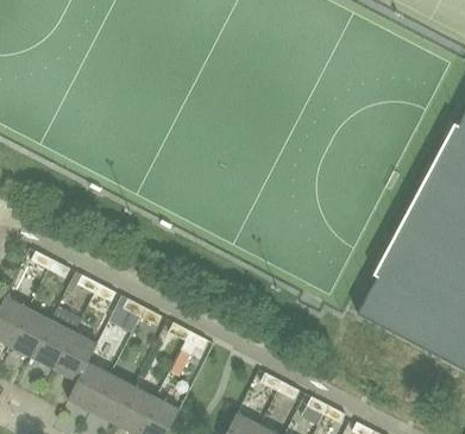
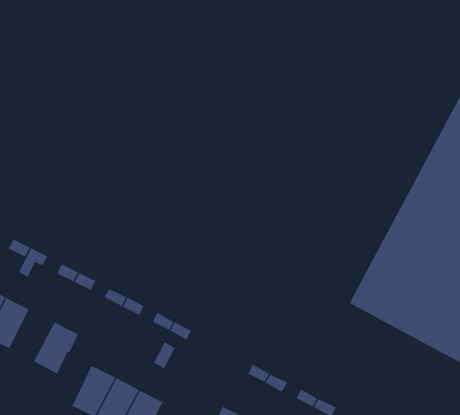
building: [31,319,74,369] -> none
building: [67,360,109,411] -> none

